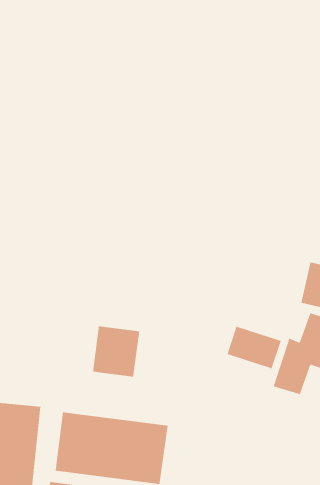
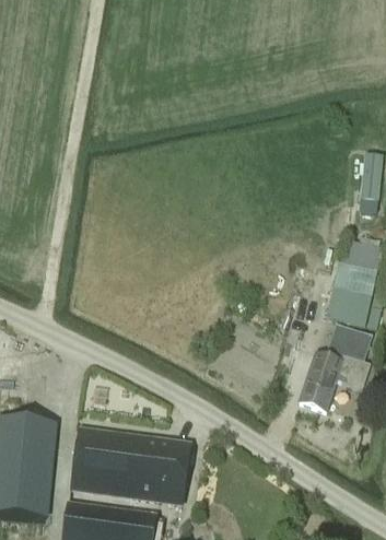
building: [92,325,140,378] -> none
building: [227,326,281,369] -> none

